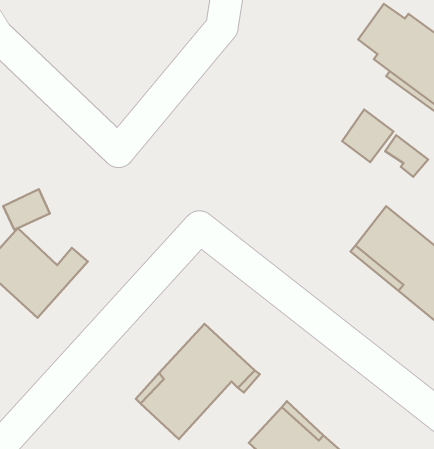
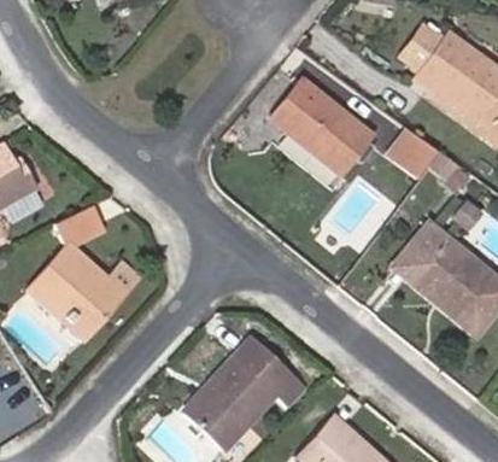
building: none -> [273,80,369,170]

